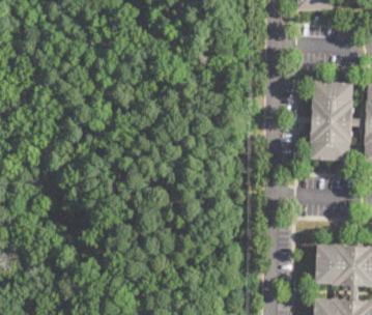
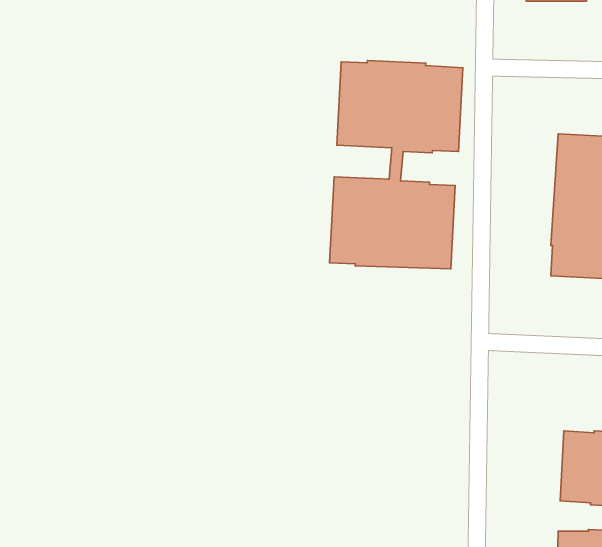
building: none -> [330,60,463,269]

